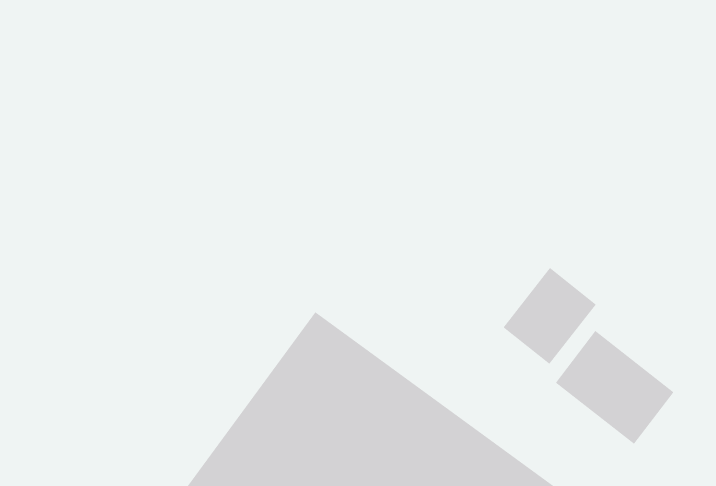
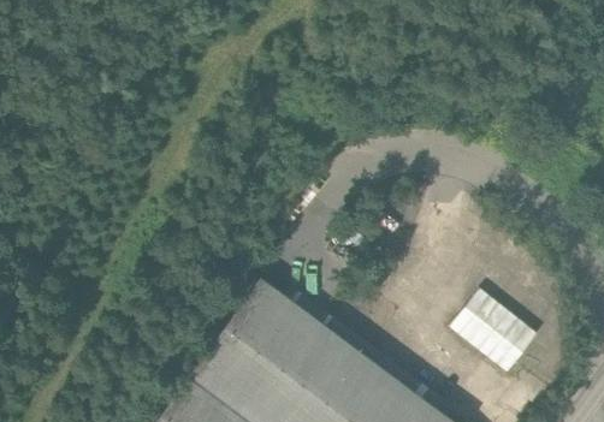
building: [502,267,597,365] -> none

